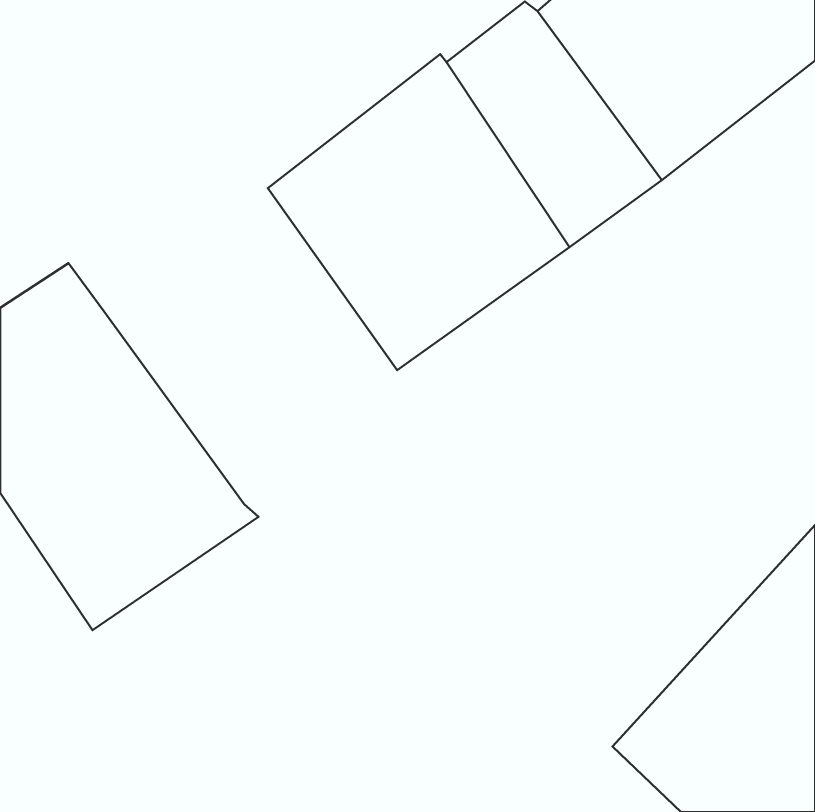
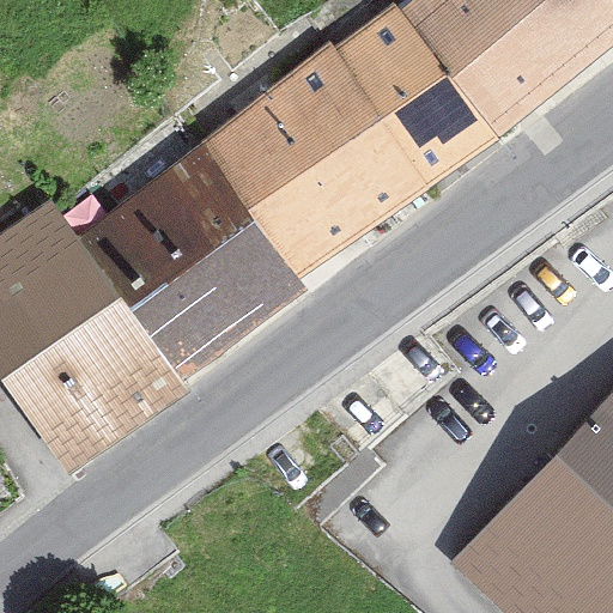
building: none -> [78,141,308,378]

